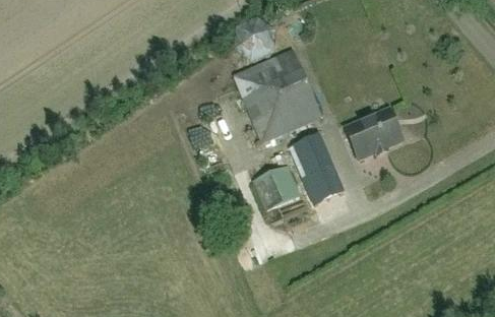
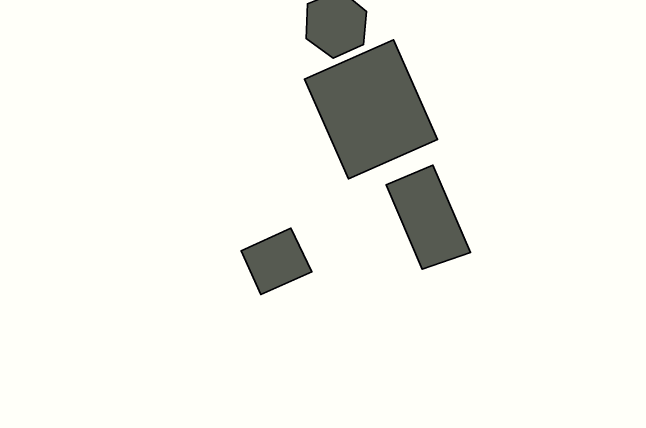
building: [345,107,403,158] -> none
building: [253,164,301,208] -> [241,228,312,294]

